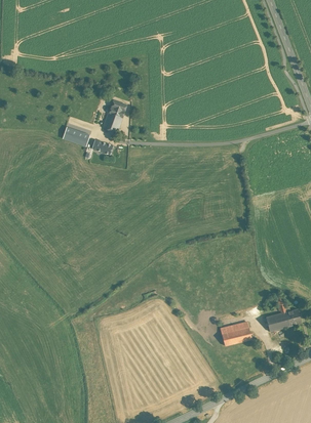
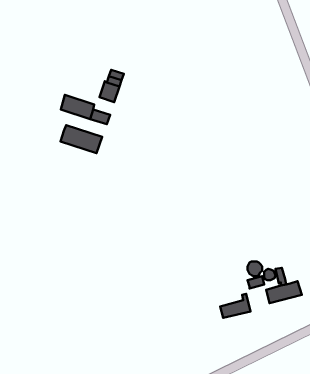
building: none -> [60,125,102,153]

